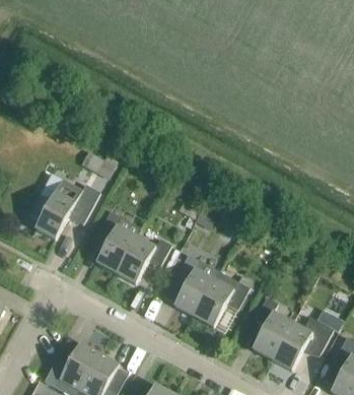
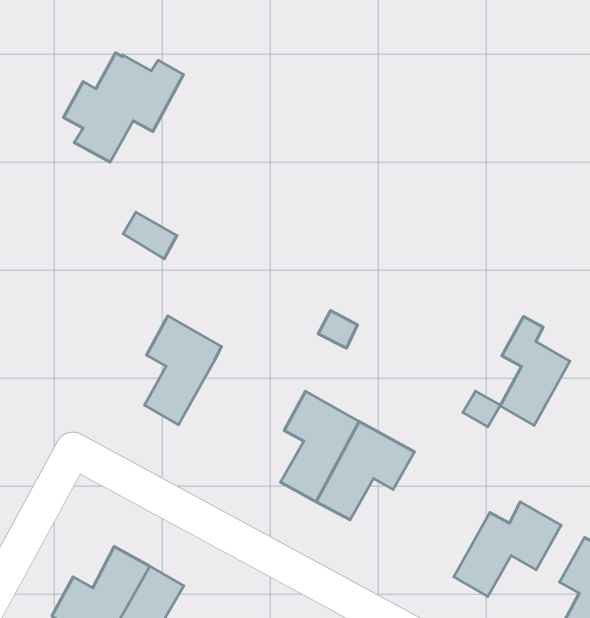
building: [29,178,97,240] -> [64,53,183,162]
building: [117,237,172,284] -> none
building: [254,298,293,359] -> [500,316,570,425]

